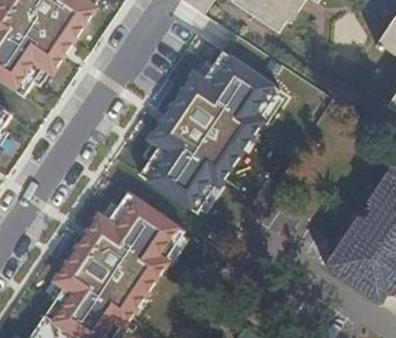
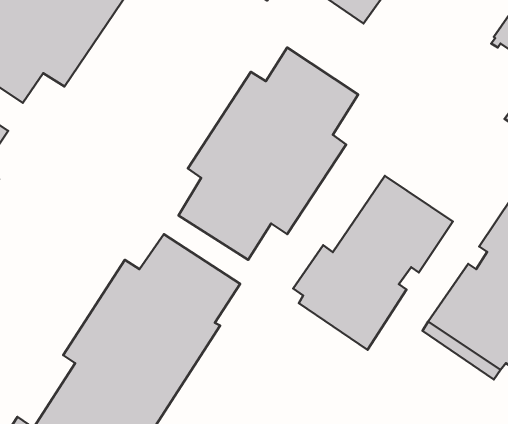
building: none -> [293,176,453,350]

